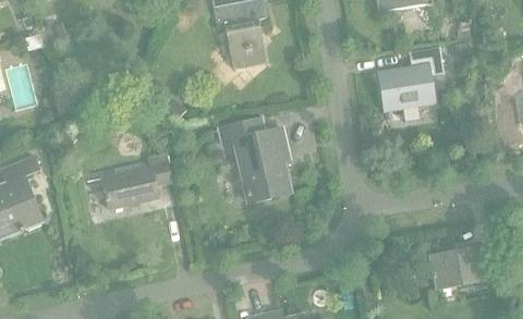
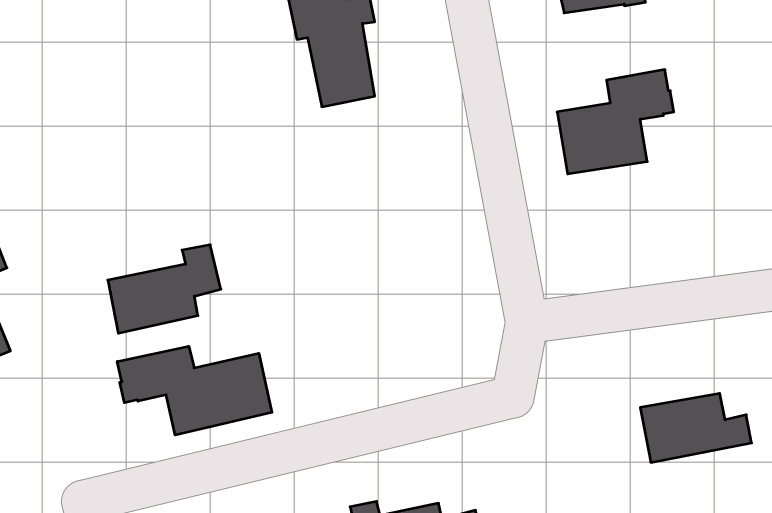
building: [219,115,290,201] -> none
building: none -> [117,346,272,435]

